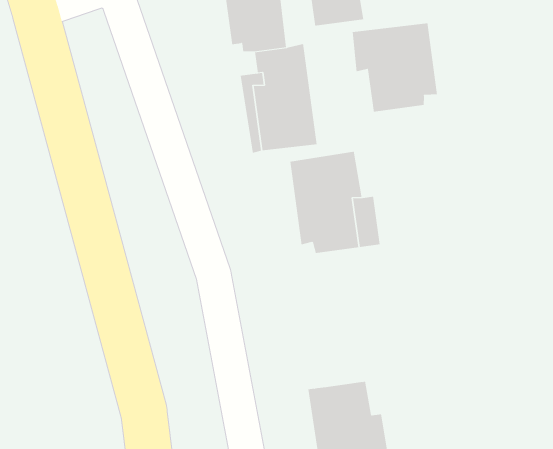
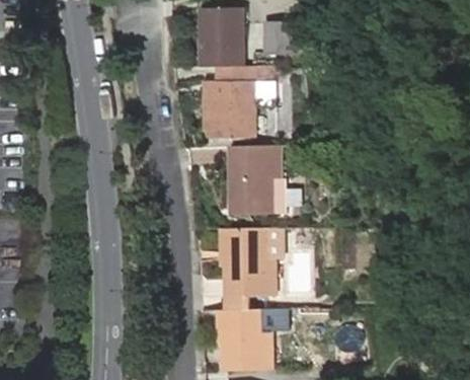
building: [352,23,438,112] -> none
building: none -> [225,227,281,307]

